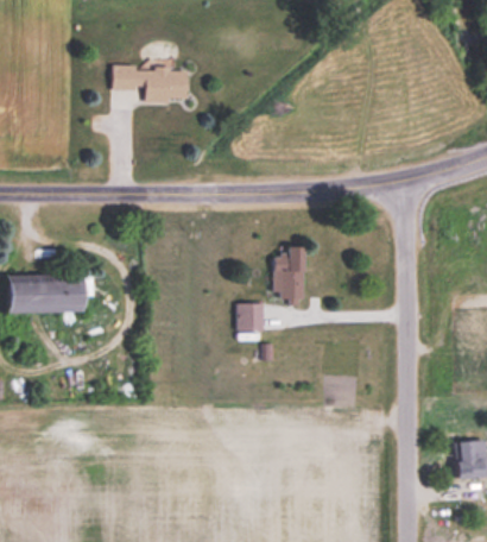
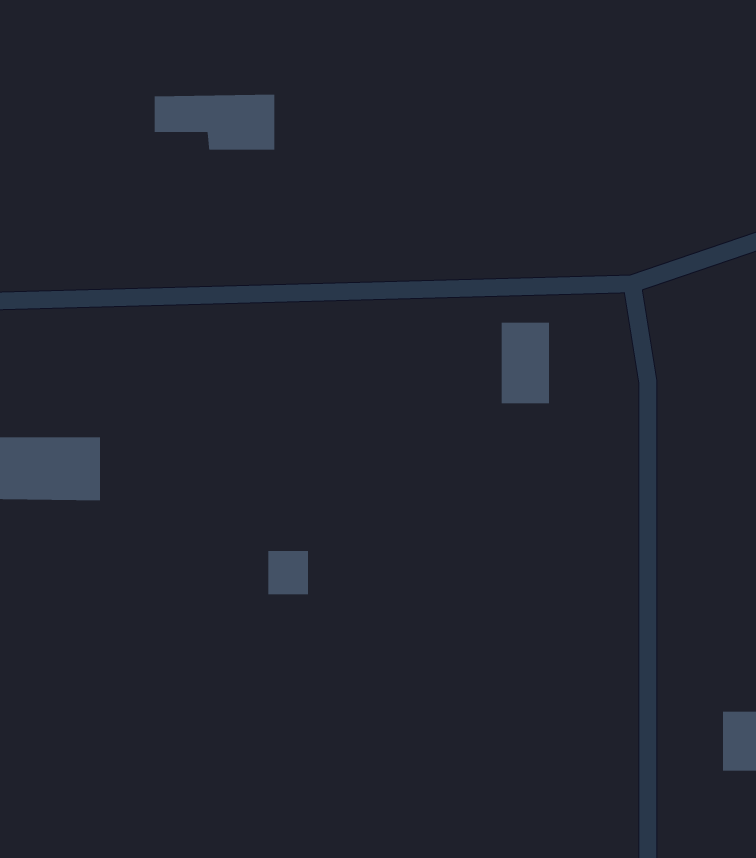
building: [274,251,304,301] -> [501,322,550,404]
building: [239,304,264,332] -> [268,550,309,595]

